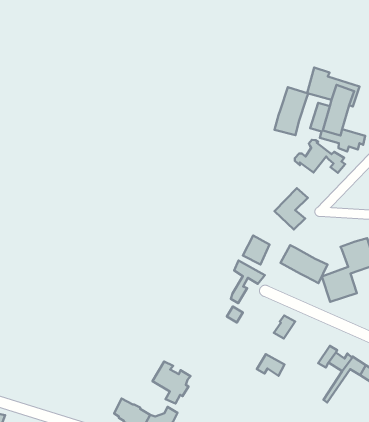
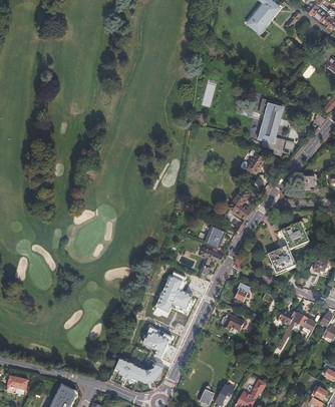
building: [275,87,308,135] -> none
building: [281,245,327,283] -> none
building: none -> [157,276,190,311]

